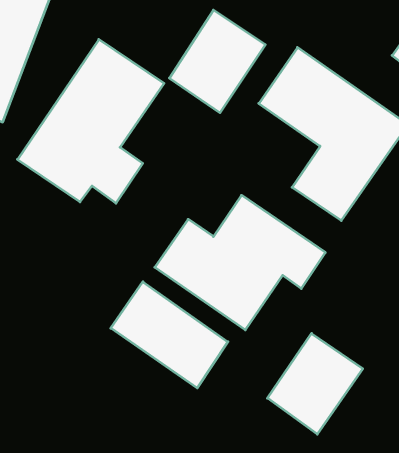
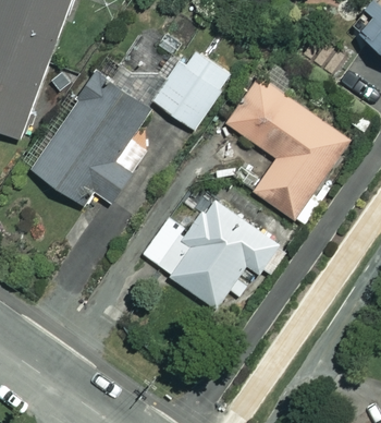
building: [111,282,228,388] -> none
building: [267,333,363,434] -> none

